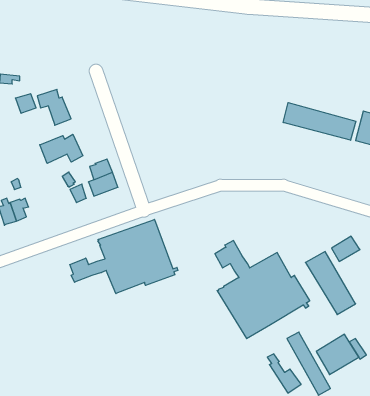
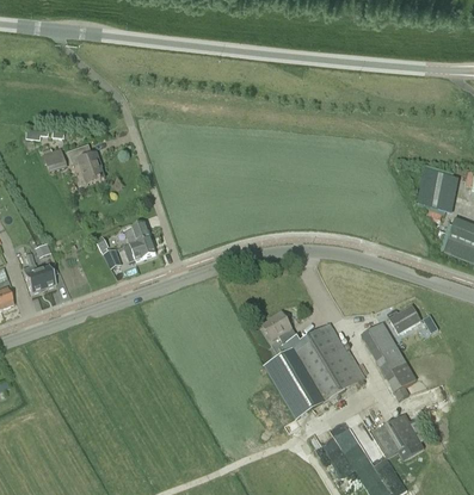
building: [283,103,356,140] -> none
building: [40,134,83,163] -> none
building: [70,219,178,294] -> none

